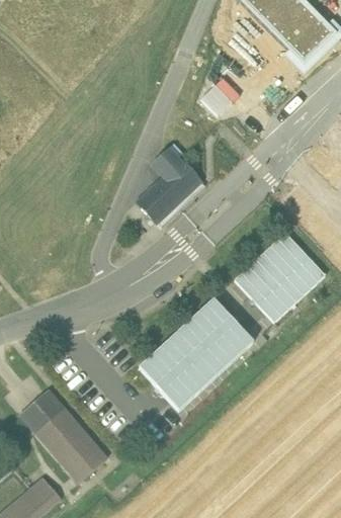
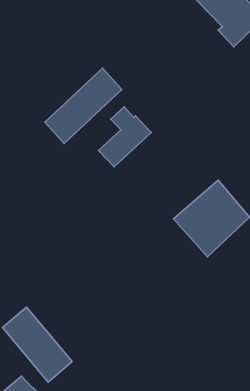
building: none -> [45,68,122,143]
building: [138,295,255,410] -> none

